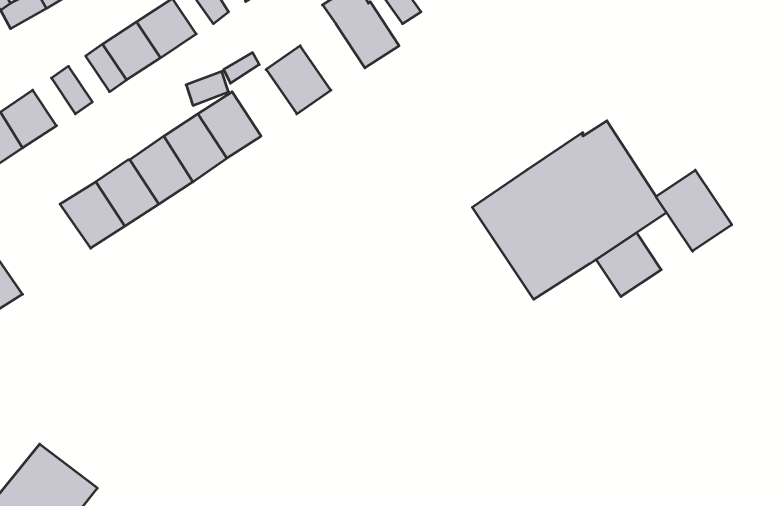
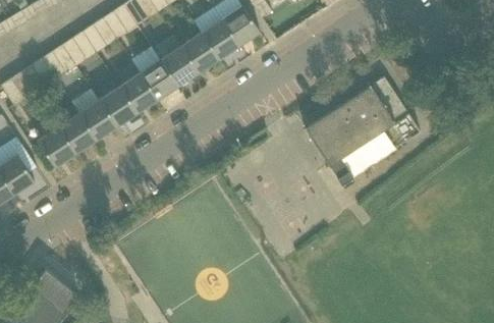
building: none -> [202,17,240,57]
building: none -> [161,45,200,85]
building: [656,170,732,251] -> none
building: none -> [38,125,76,166]
building: [596,233,661,297] -> none

